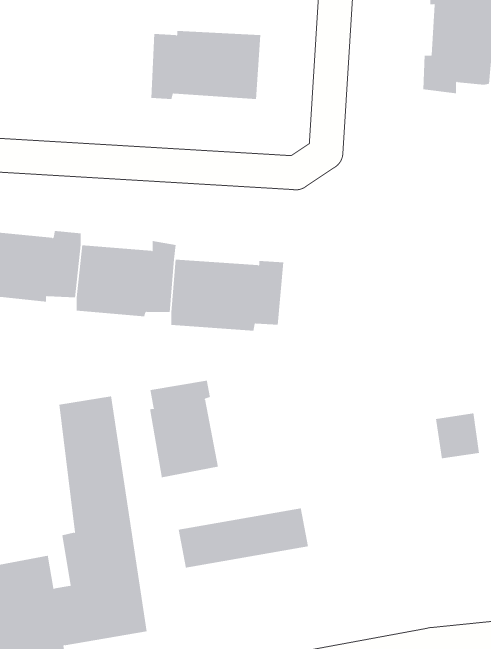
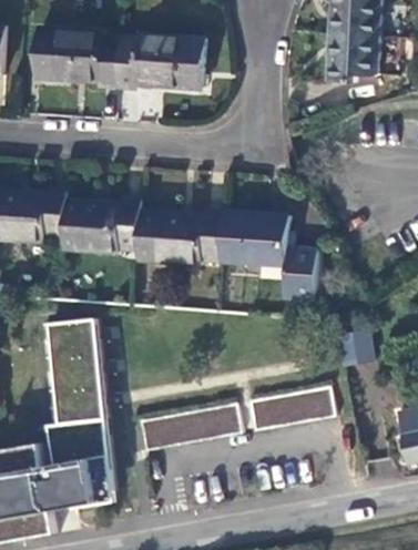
building: none -> [34,28,121,86]
building: none -> [217,213,315,301]
building: [149,380,219,478] -> none
building: none -> [249,385,335,429]

